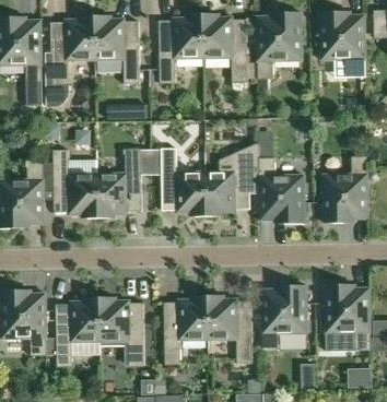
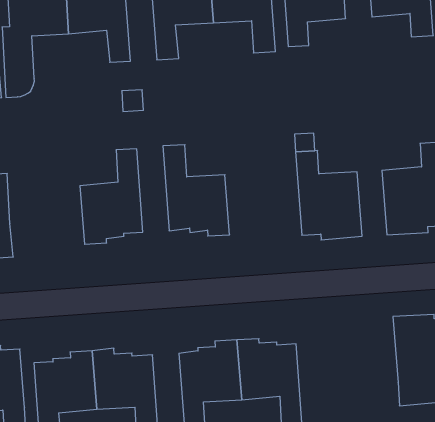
building: [206,146,250,216] -> none
building: [44,150,98,218] -> none
building: [261,284,307,352] -> none

